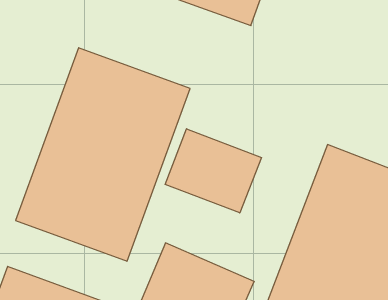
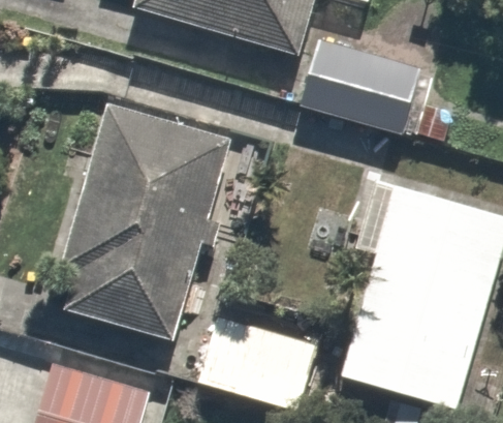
building: none -> [295,36,438,139]
building: [165,129,262,213] -> none

